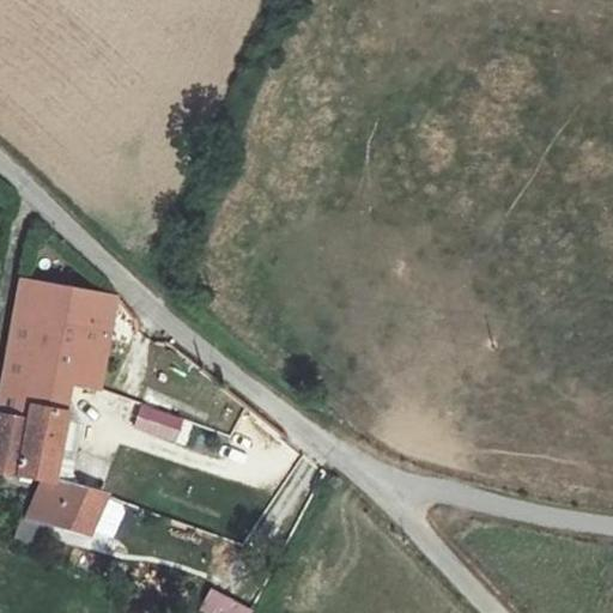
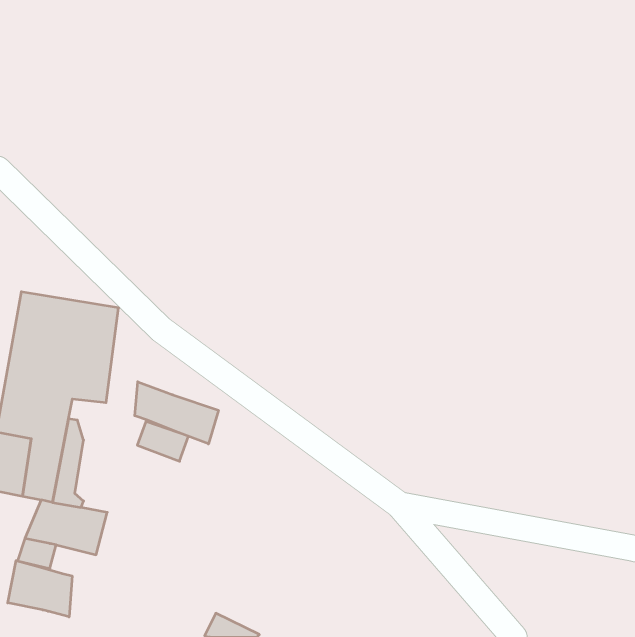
building: none -> [135,382,218,444]
building: none -> [8,561,72,617]

